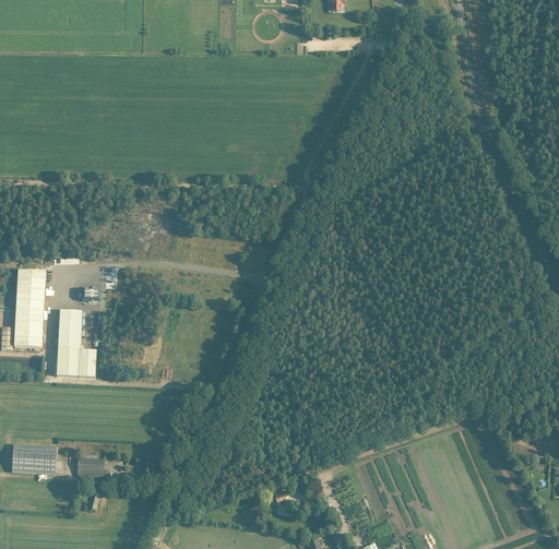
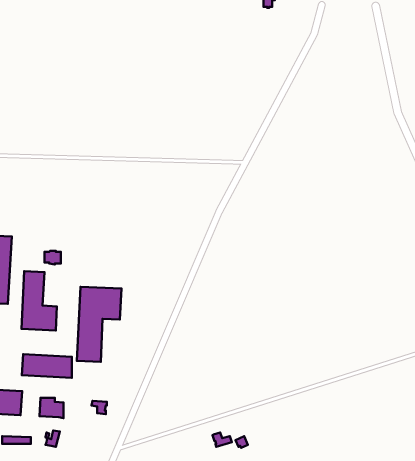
building: none -> [77,287,122,362]
building: none -> [22,354,72,378]

